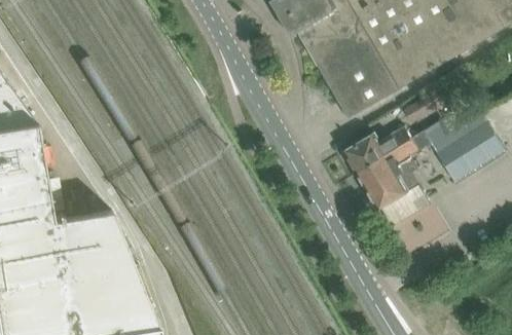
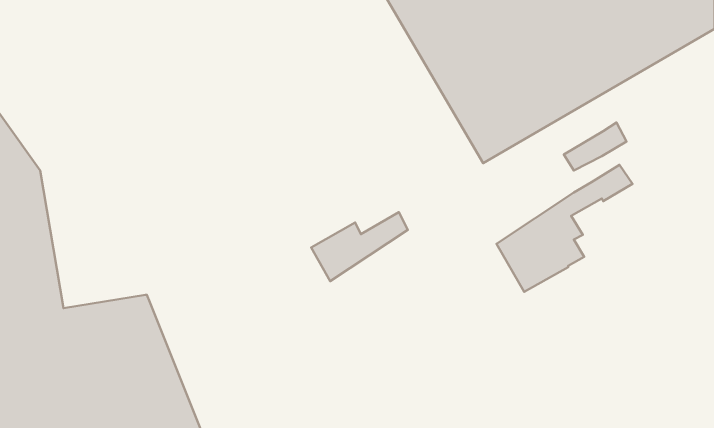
building: [436,123,504,183] -> none
building: [343,125,411,174] -> [311,212,408,281]

